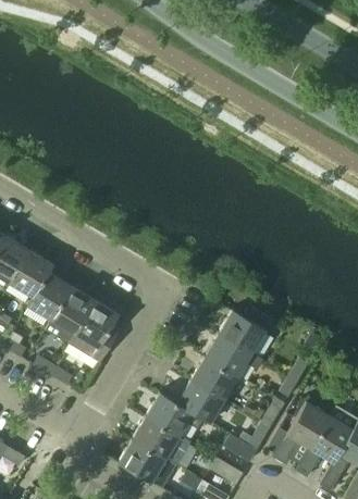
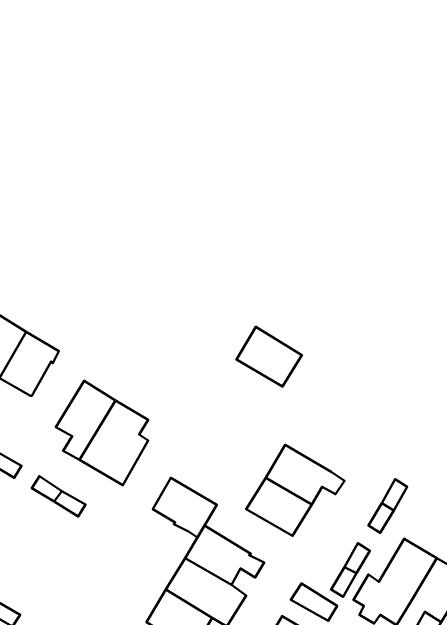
building: [27,272,72,320] -> none
building: [219,309,267,352] -> [236,327,302,386]
building: [177,379,224,423] -> [153,478,217,537]

